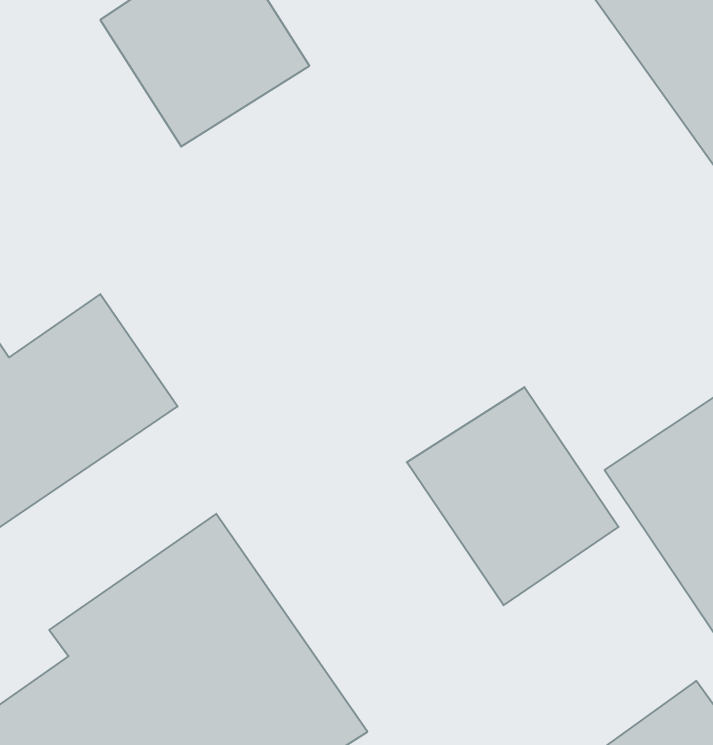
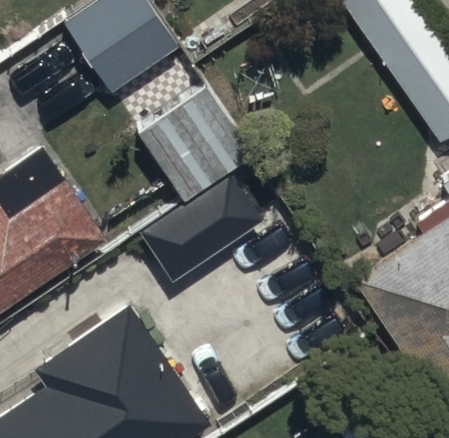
building: none -> [135,81,261,282]
building: [407,387,619,605] -> none

